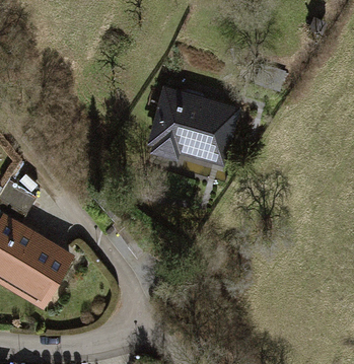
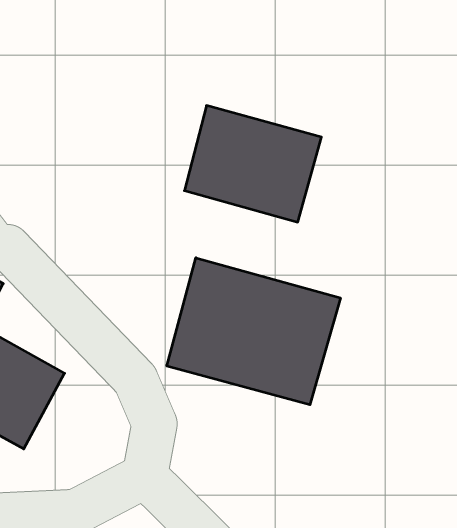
building: none -> [167,258,340,405]

